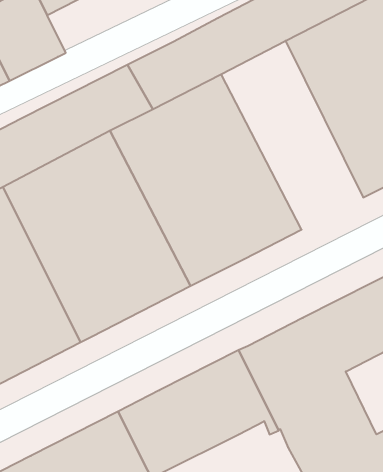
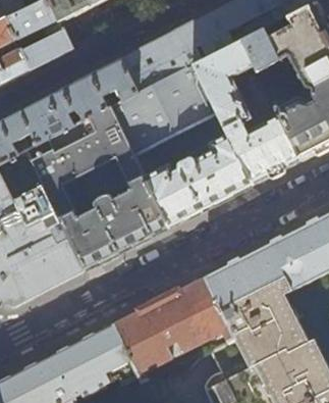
building: none -> [190,41,298,185]

